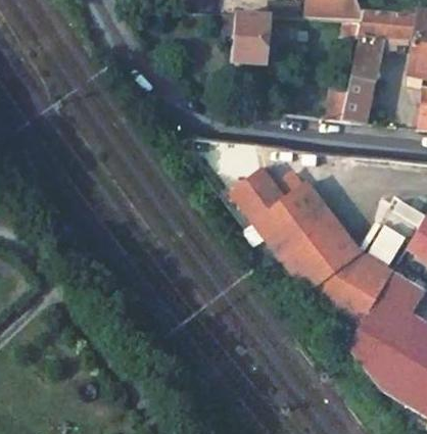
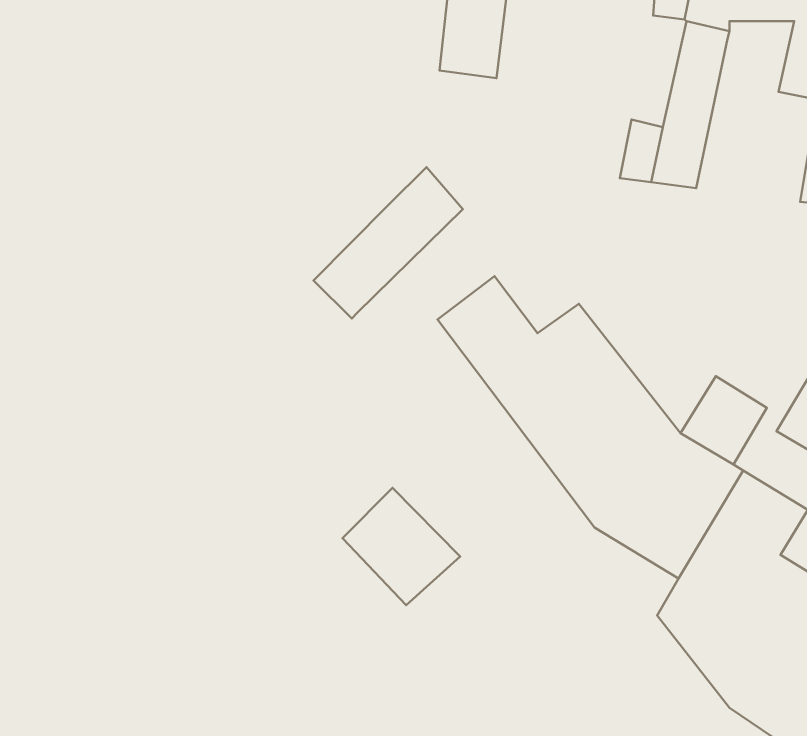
building: none -> [313,167,463,318]
building: none -> [343,488,460,605]

